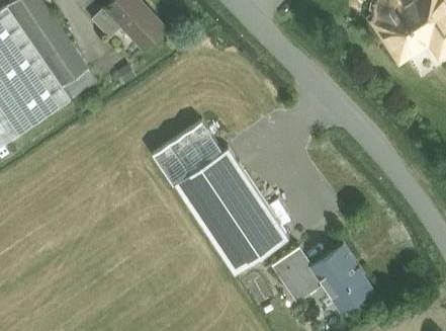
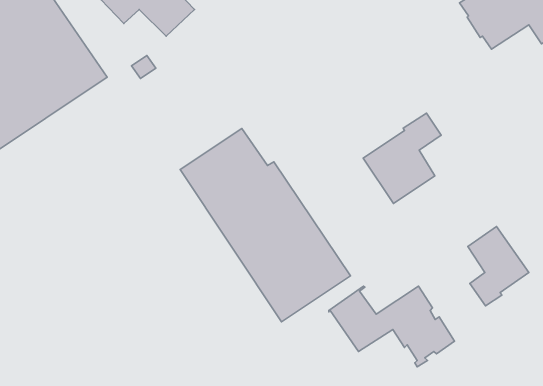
building: none -> [363,113,441,203]
building: none -> [468,227,529,306]

